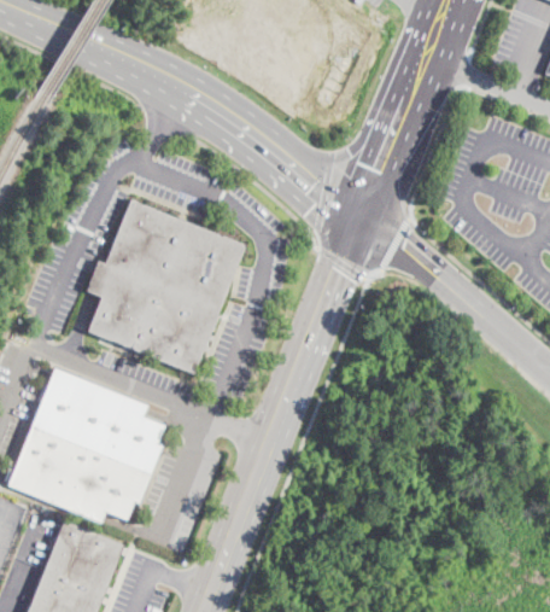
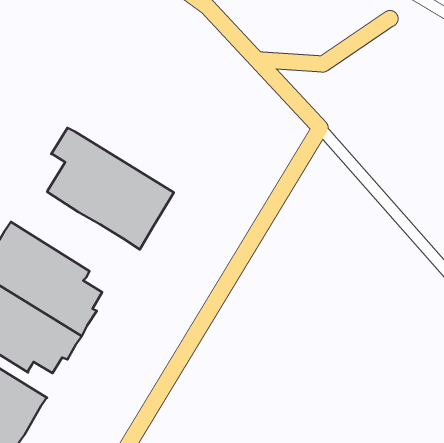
building: [106,199,245,309] -> none

